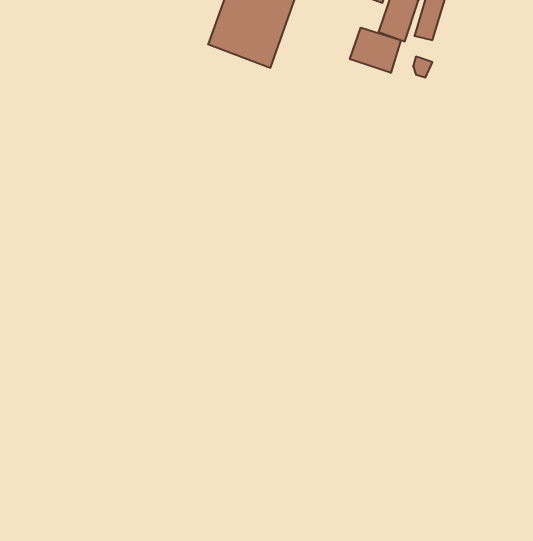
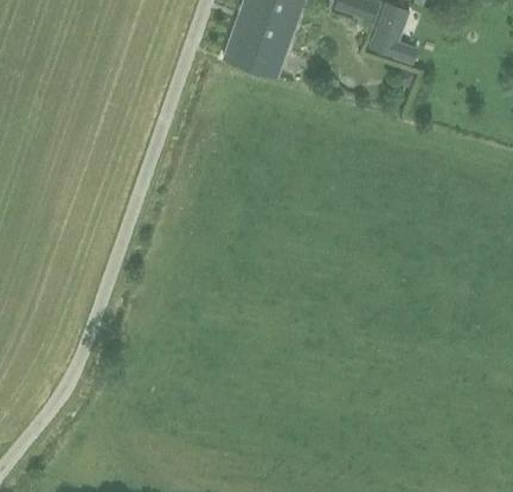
building: [350,28,401,73] -> none

